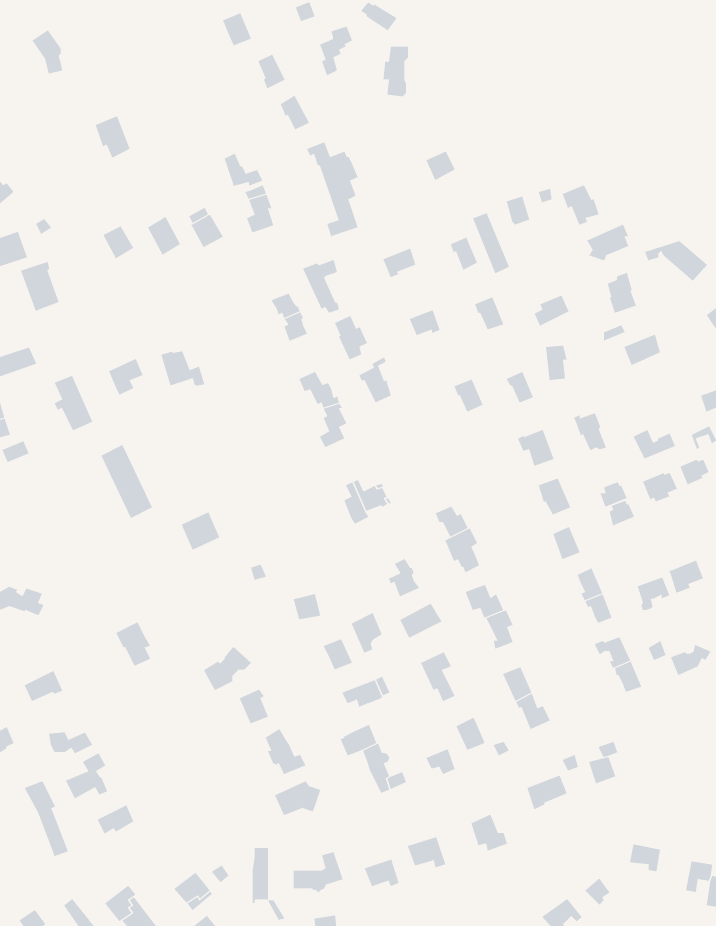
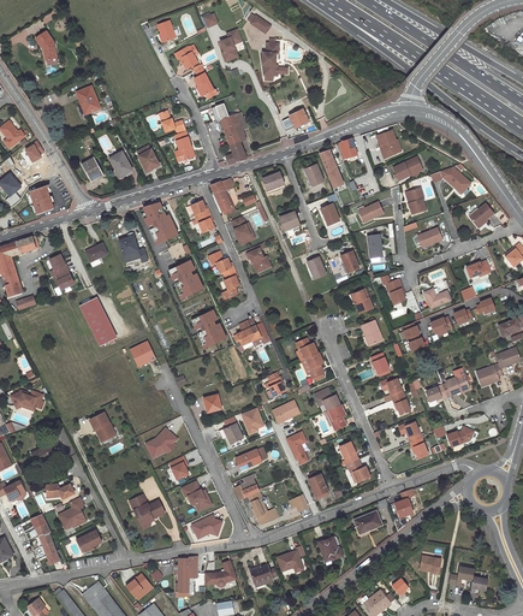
building: none -> [141,202,177,243]
building: none -> [166,257,197,298]
building: none -> [192,312,226,348]
building: none -> [129,494,164,526]

